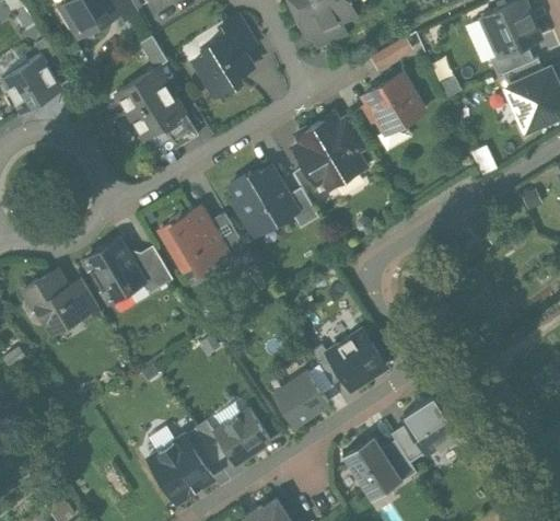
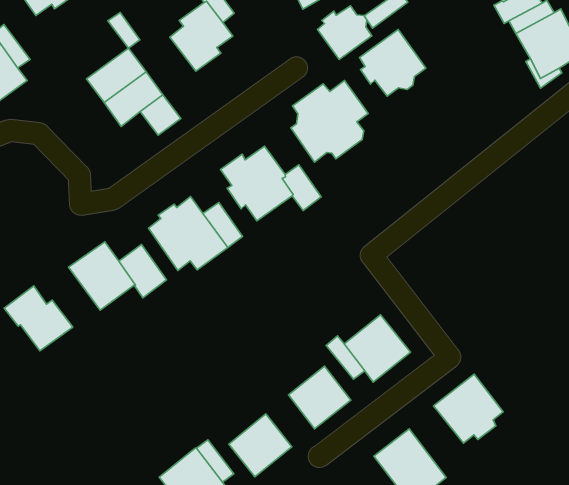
building: none -> [318,6,372,60]
building: [66,280,98,322] -> none
building: [389,422,425,463] -> none

